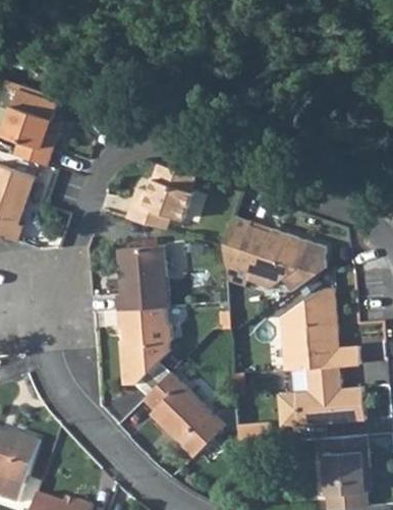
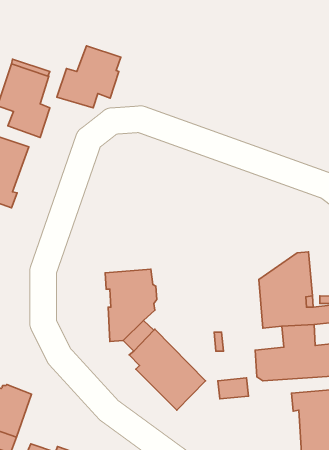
building: [127,164,195,230] -> [57,46,121,108]
building: [223,216,327,292] -> none
building: [115,245,169,311] -> none

